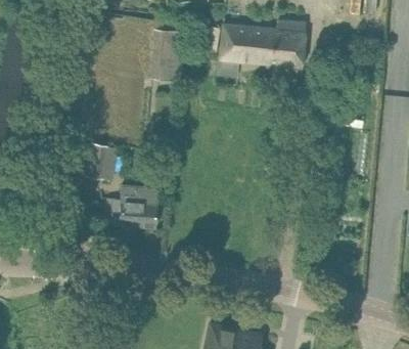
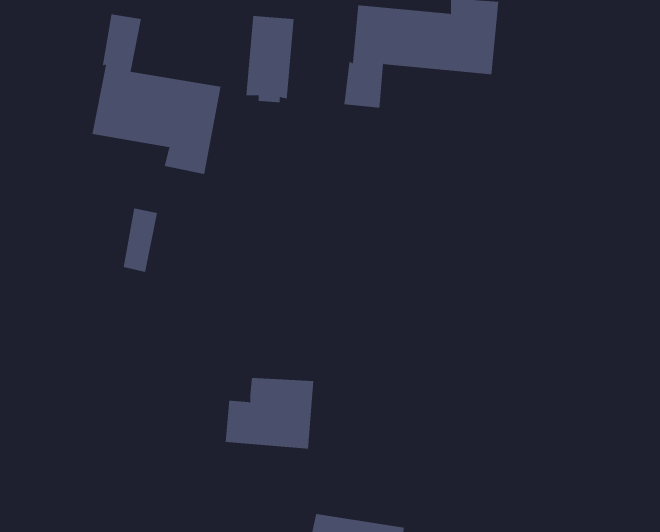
building: none -> [92,13,221,175]
building: [106,184,158,226] -> [225,377,314,449]

